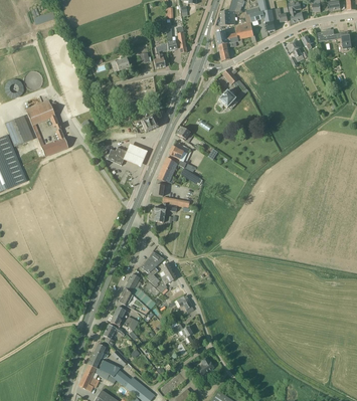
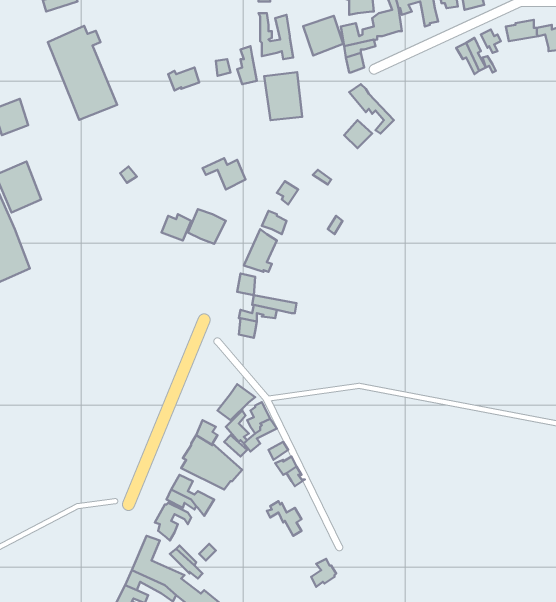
building: none -> [303,16,343,55]
building: none -> [264,72,302,120]
building: [26,99,68,157] -> [48,26,117,120]

